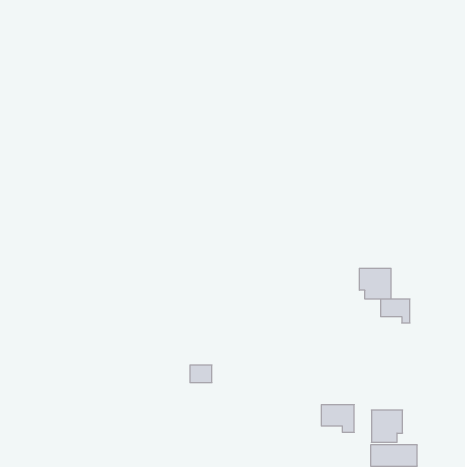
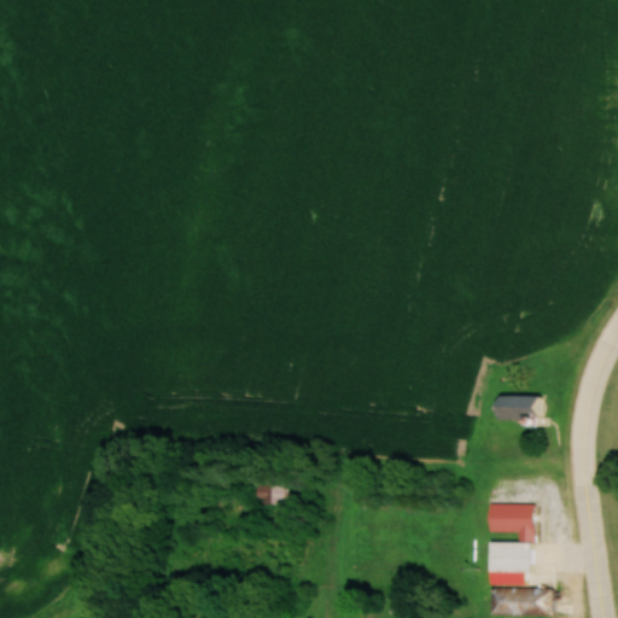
building: [359,268,391,299] -> none
building: [321,405,354,432] -> [488,505,531,541]

